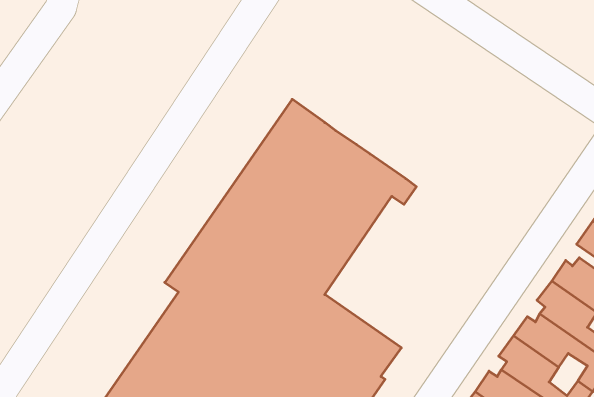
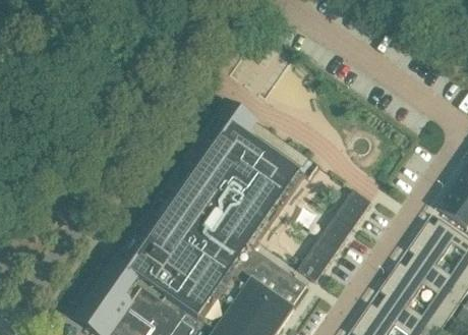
building: none -> [298,190,370,281]

